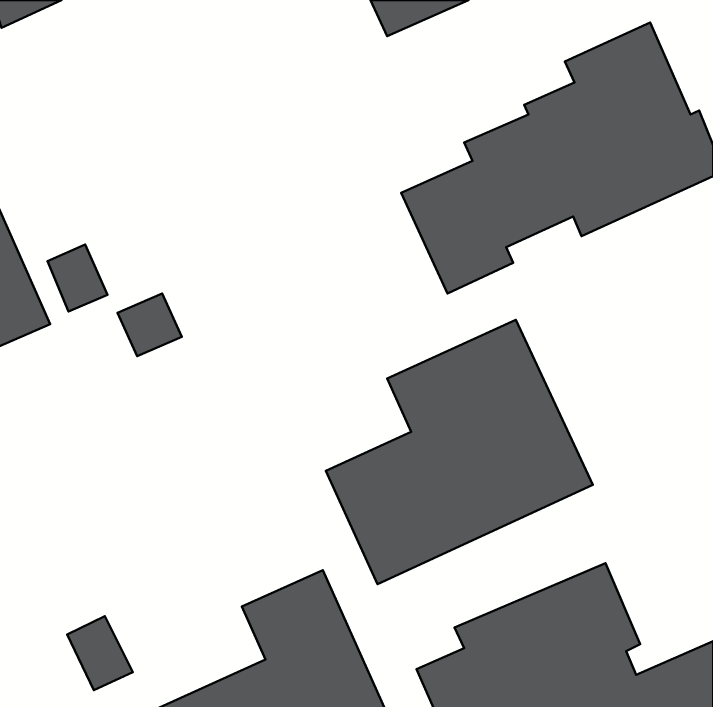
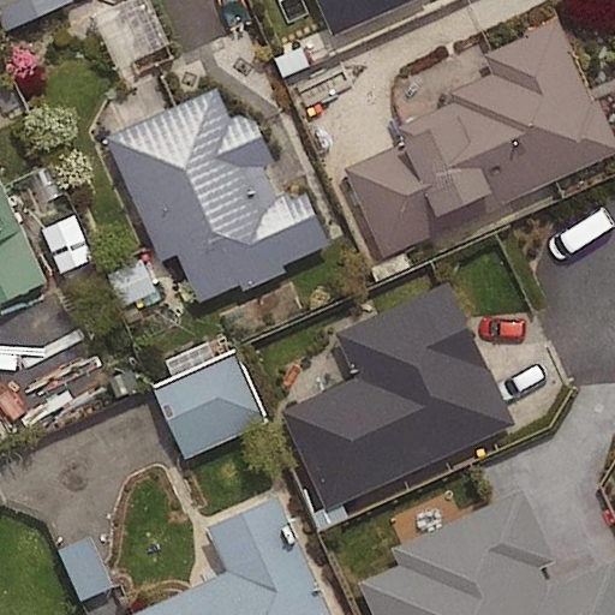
building: none -> [109,92,329,304]
building: none -> [154,352,263,458]

